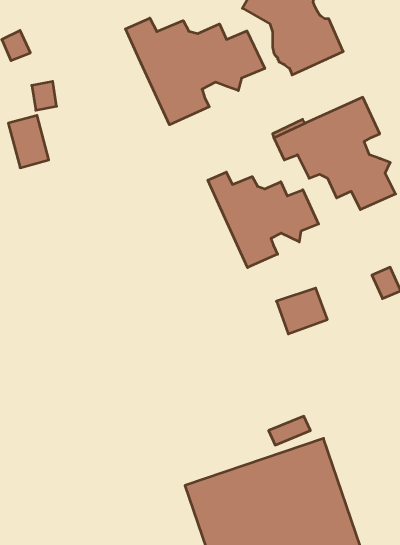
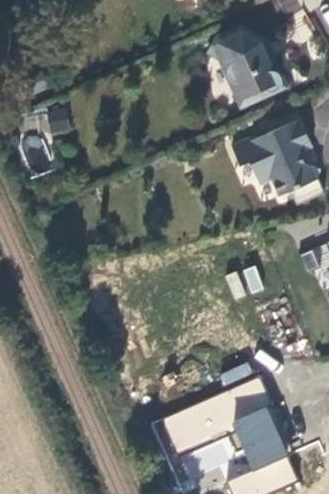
building: [125,18,265,125] -> none
building: [208,172,319,268] -> none

